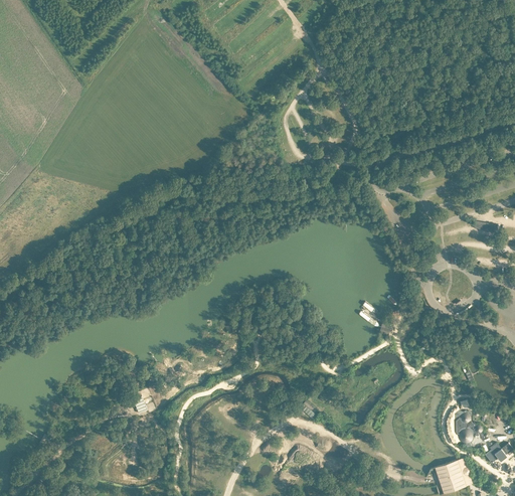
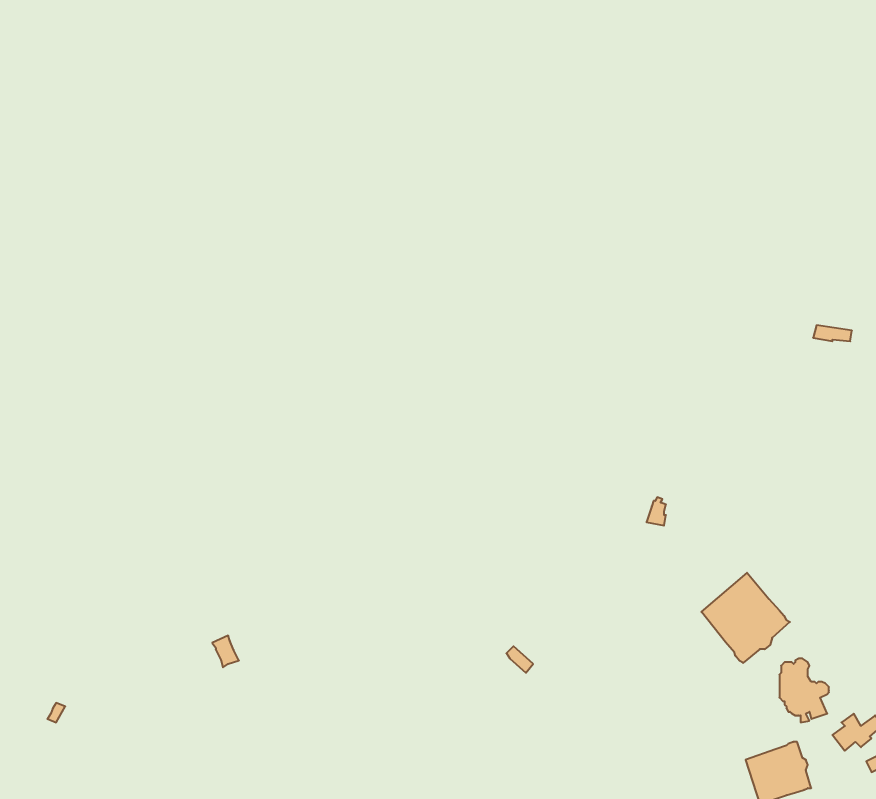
building: none -> [701,573,790,663]

